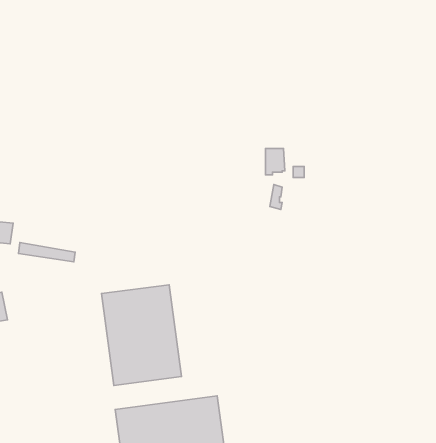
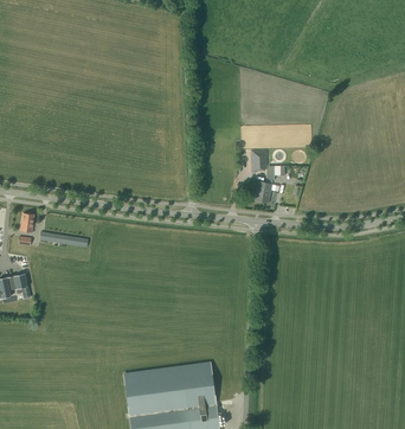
building: [101,285,181,385] -> none

